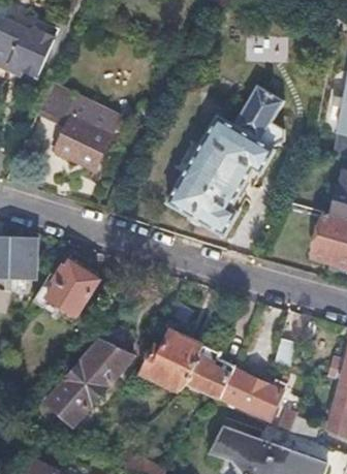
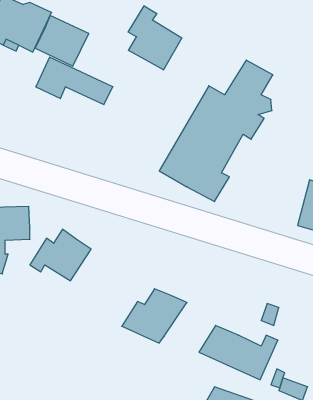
building: none -> [128,6,182,70]
building: [54,114,109,166] -> [35,16,89,66]
building: [172,339,230,390] -> none
building: [42,346,120,428] -> none

